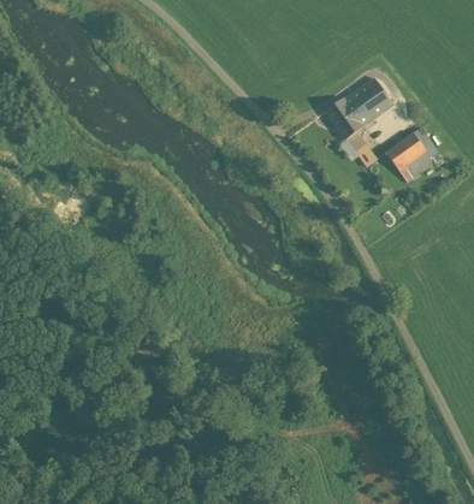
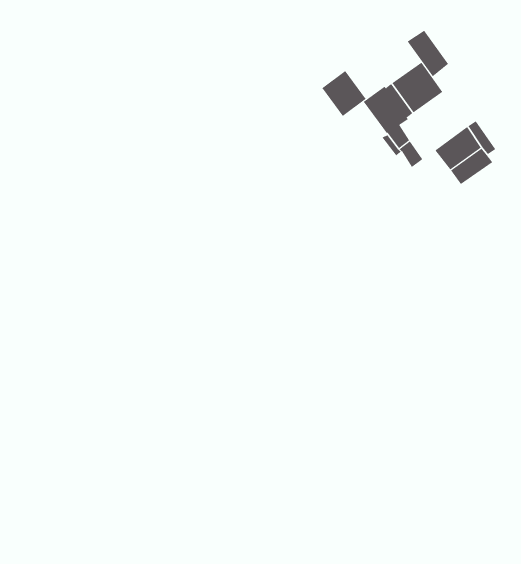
building: none -> [407,30,449,77]
building: none -> [321,70,367,117]

